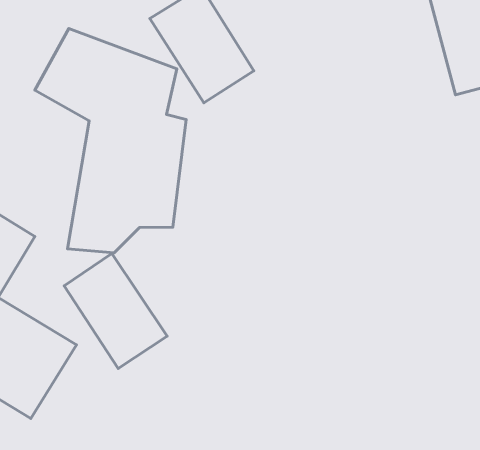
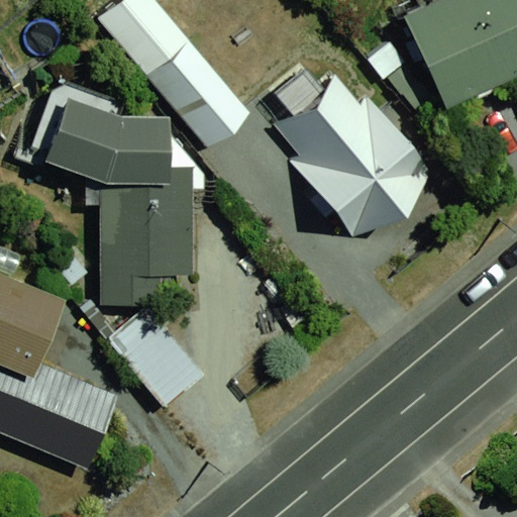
building: none -> [268,69,431,238]

